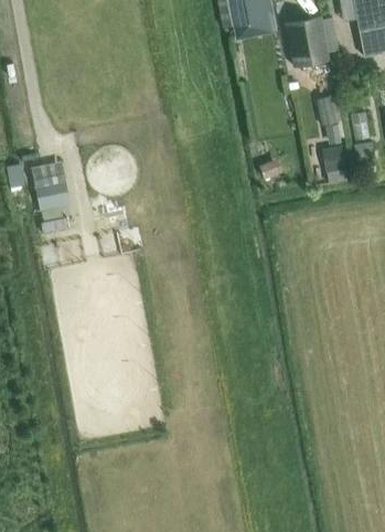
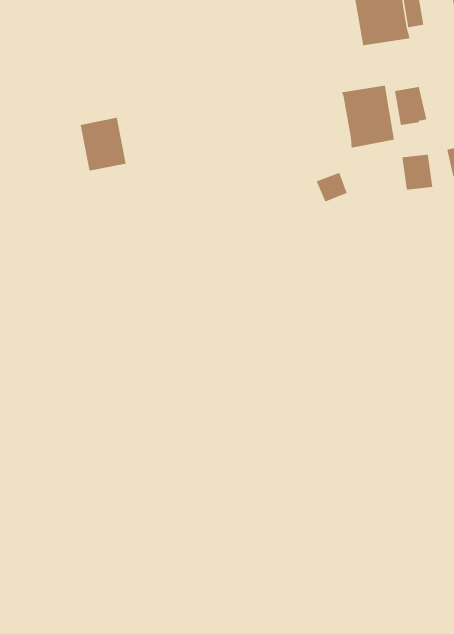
building: none -> [341,85,395,148]
building: [33,163,67,203] -> [80,117,126,171]

